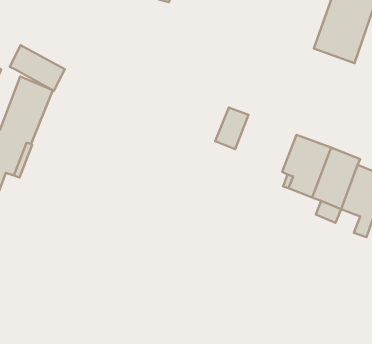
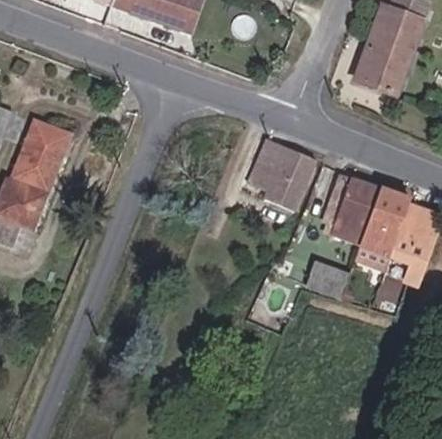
building: [10,45,65,91] -> none
building: none -> [266,157,314,219]
building: none -> [302,259,346,295]

